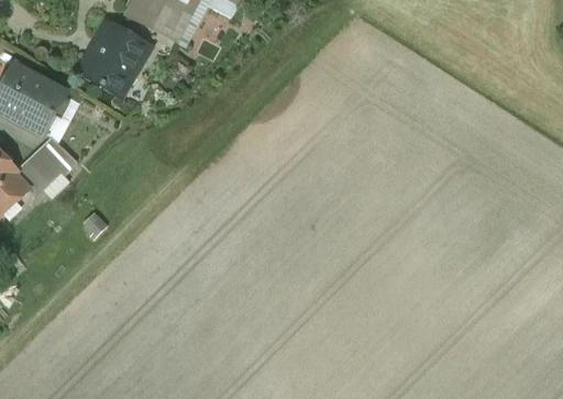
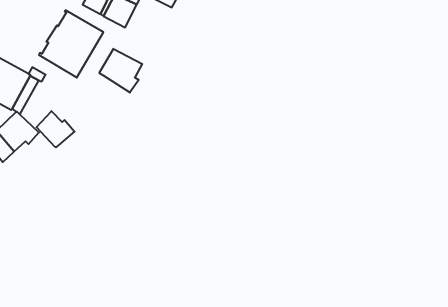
building: none -> [100,49,142,93]
building: none -> [36,111,75,147]

